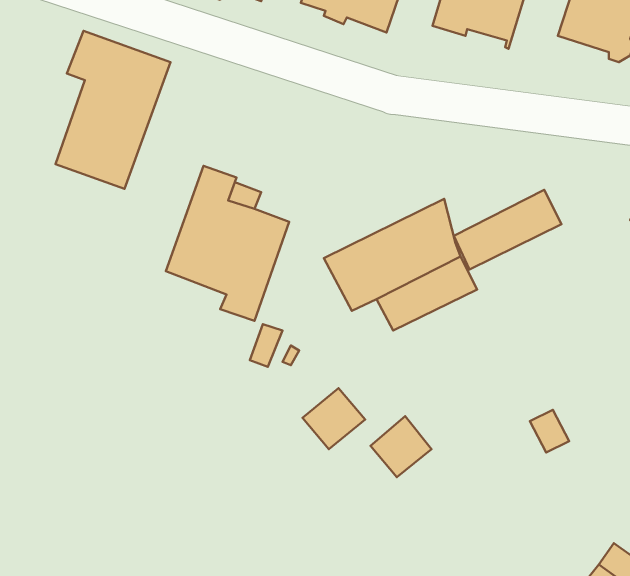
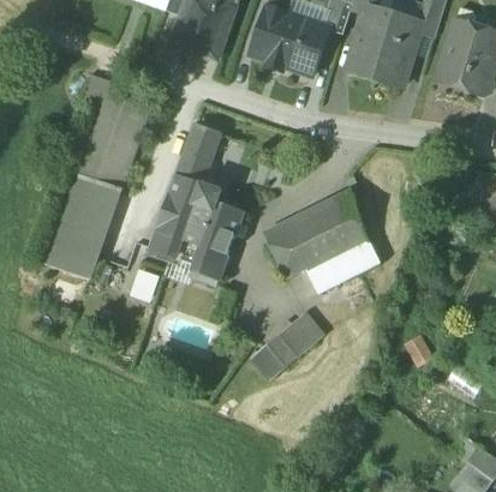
building: none -> [179,125,220,180]
building: none -> [38,170,136,284]
building: [454,190,561,269] -> none
building: [371,416,432,477] -> [277,312,322,356]

